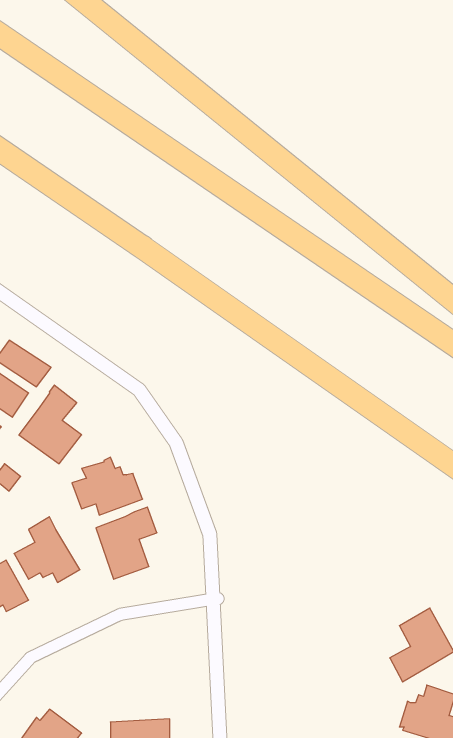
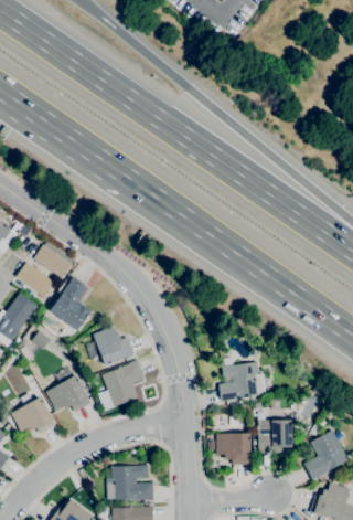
building: none -> [218,362,258,401]
building: none -> [257,420,292,453]
building: none -> [215,433,252,464]
building: none -> [107,465,153,499]

